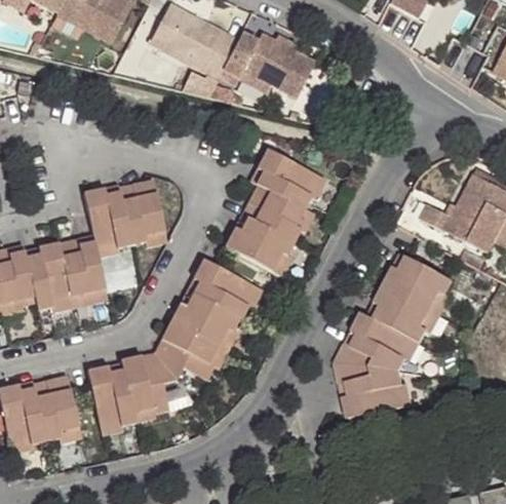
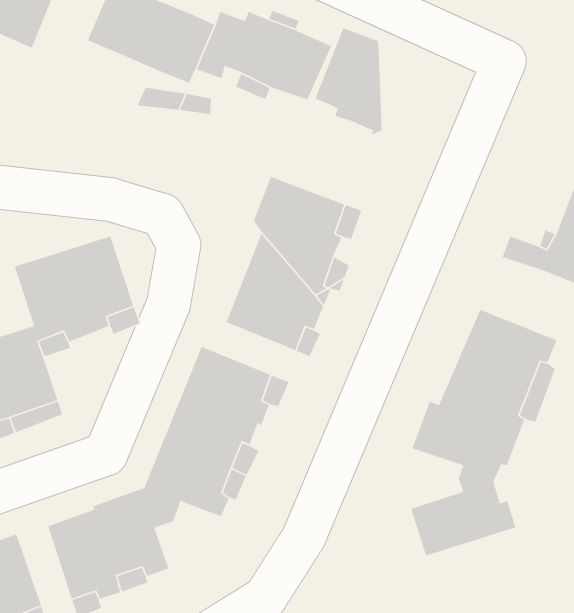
building: none -> [314,27,382,136]
building: [333,345,378,386] -> none

